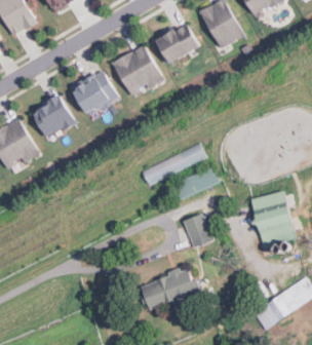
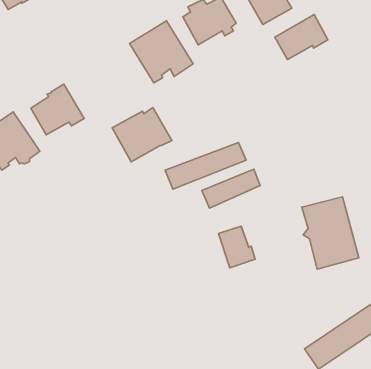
building: none -> [275,15,328,59]
building: [70,71,118,115] -> [112,107,172,162]
building: [140,266,201,307] -> none

